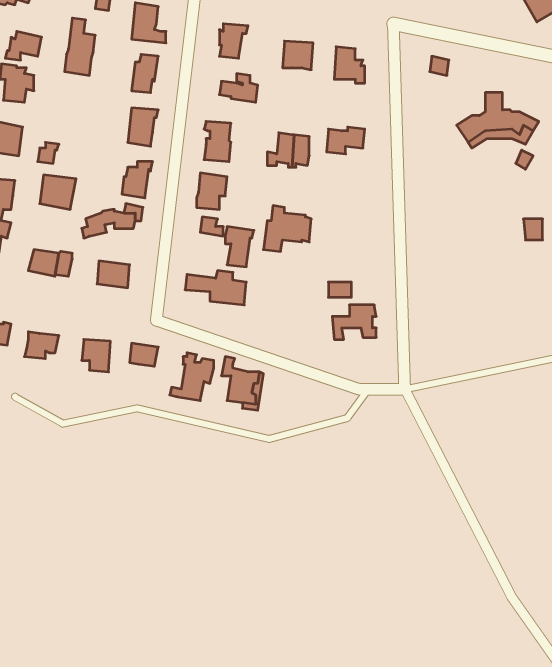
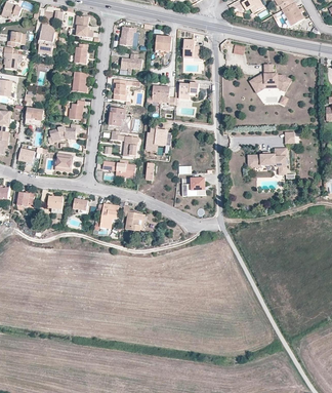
building: none -> [247,148,286,167]

